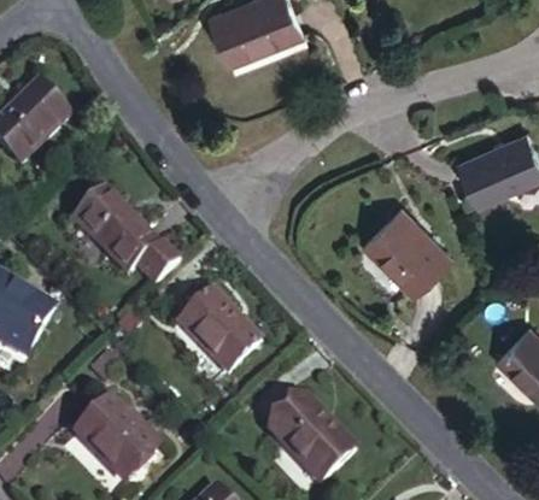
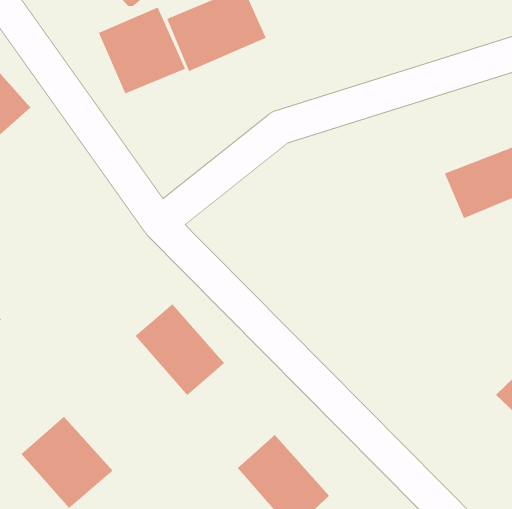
building: none -> [98,6,186,94]
building: [75,180,183,282] -> none
building: [382,219,453,290] -> none

